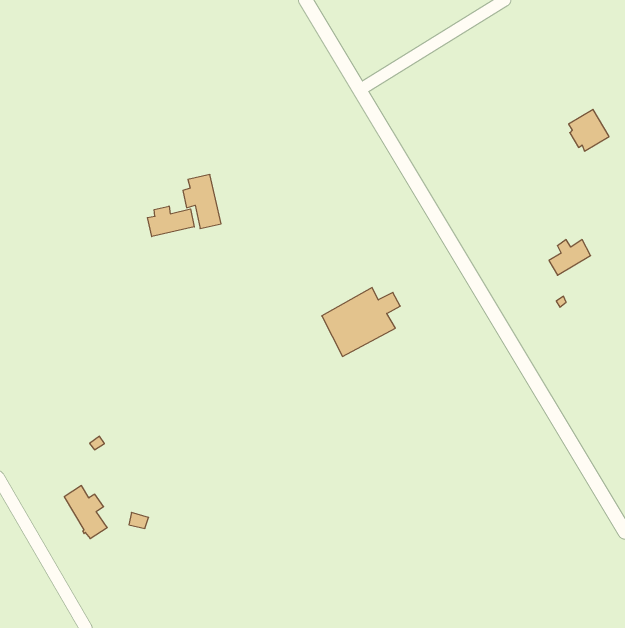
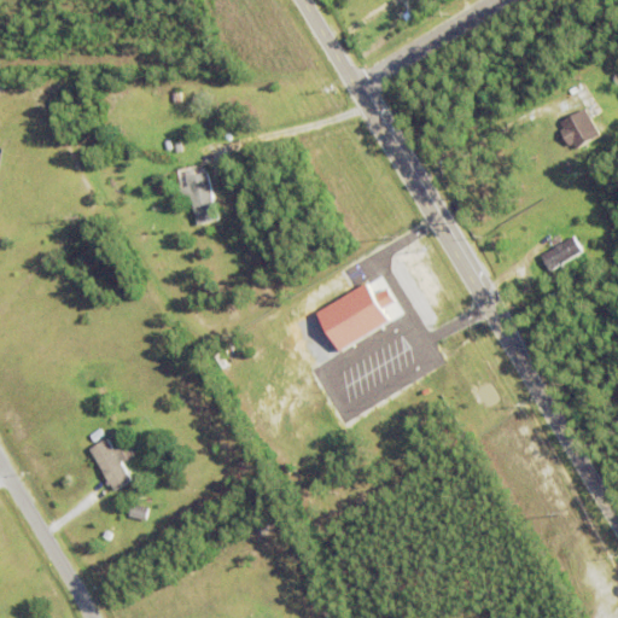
building: [147,206,194,237] -> none
building: [64,486,107,539] -> [88,438,130,490]

